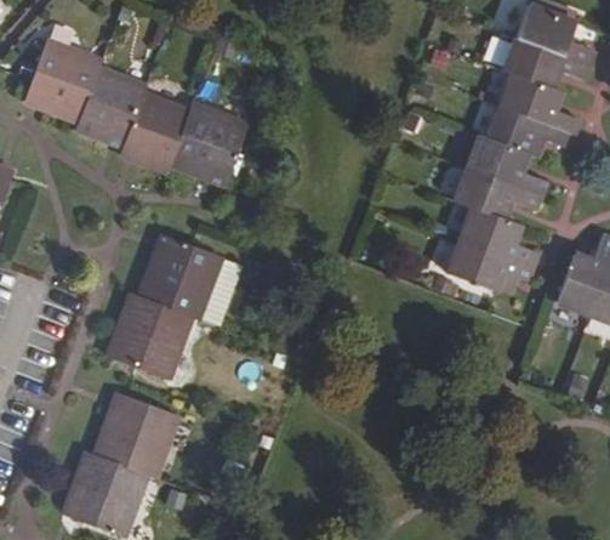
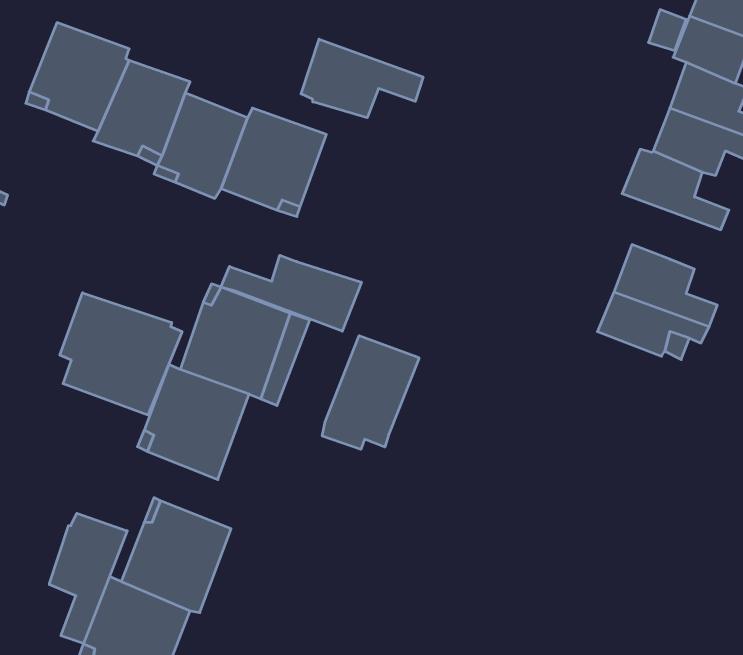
building: none -> [301,39,423,118]
building: [454,167,538,216] -> none
building: none -> [221,255,361,331]
building: none -> [60,293,182,415]
building: none -> [322,336,419,449]
building: none -> [49,513,127,643]

